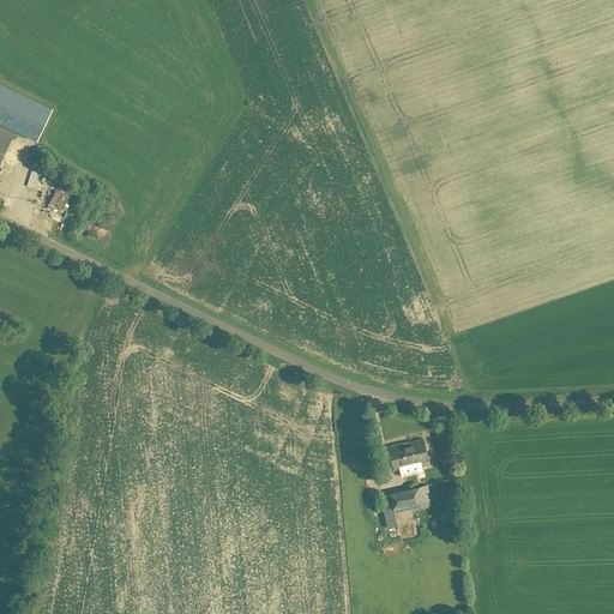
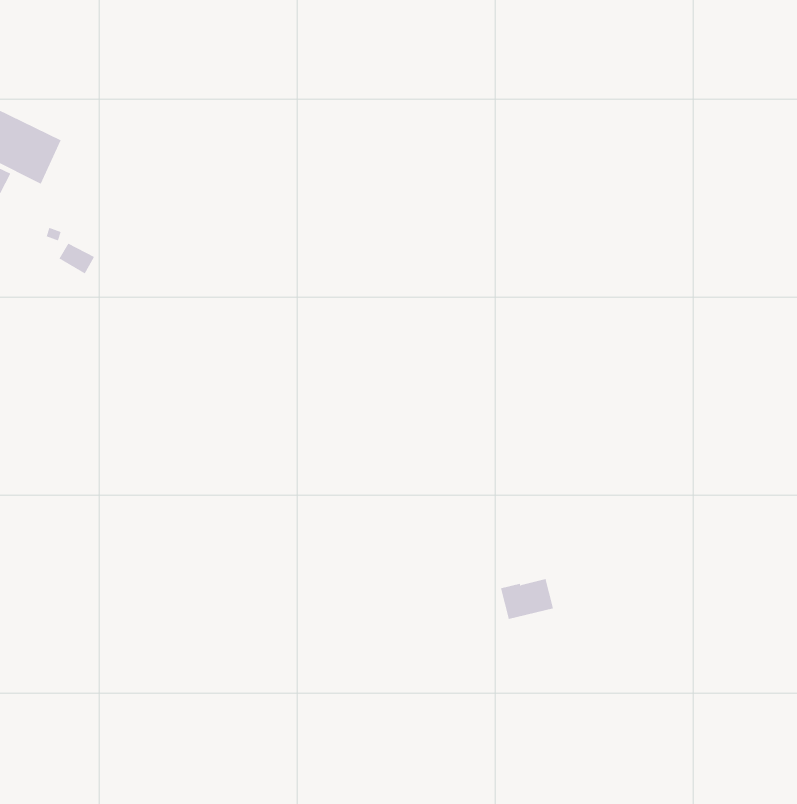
building: [380,487,425,518] -> none

